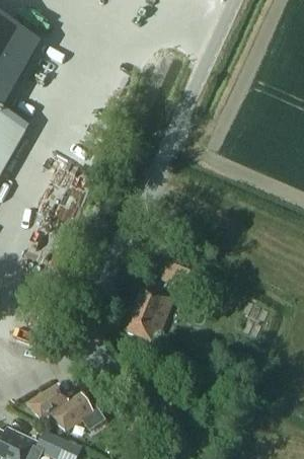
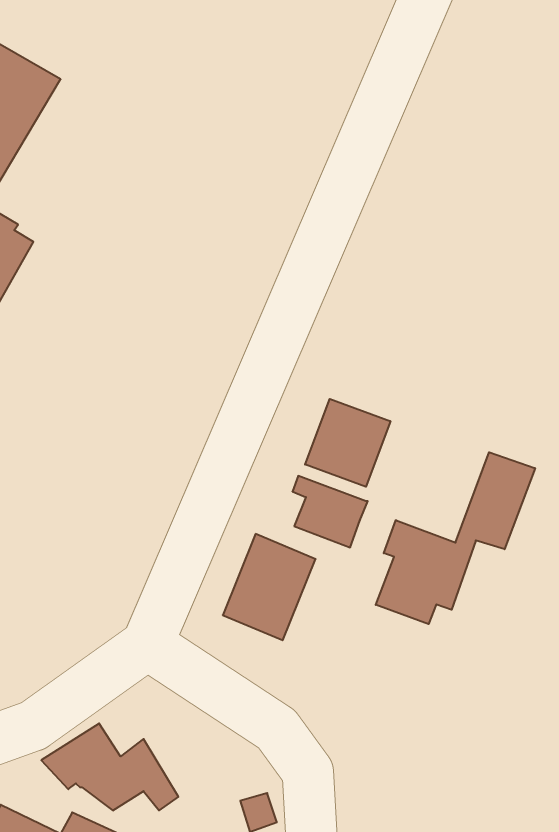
building: none -> [305,399,390,487]
building: none -> [376,452,535,624]

